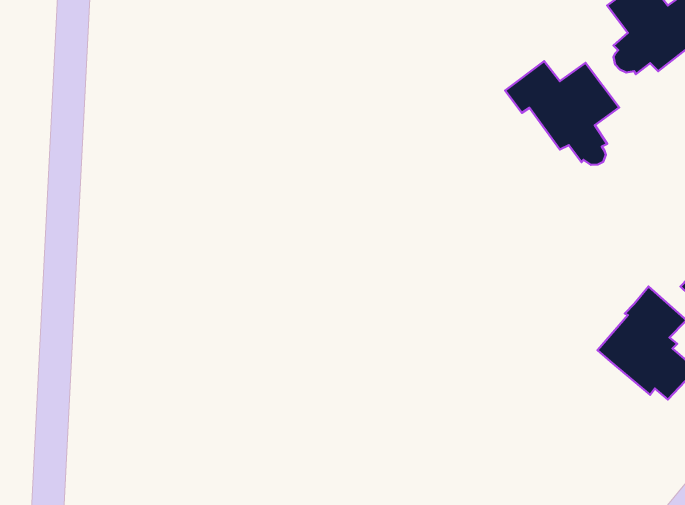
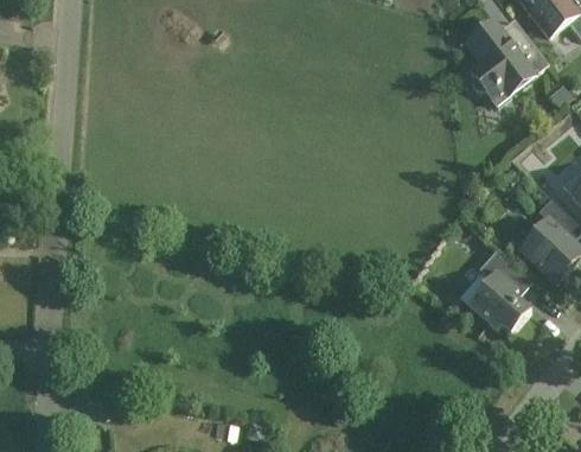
building: [505,61,619,165] -> none

